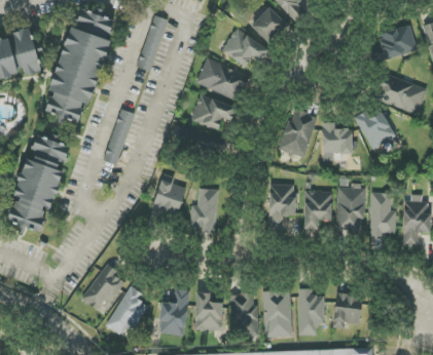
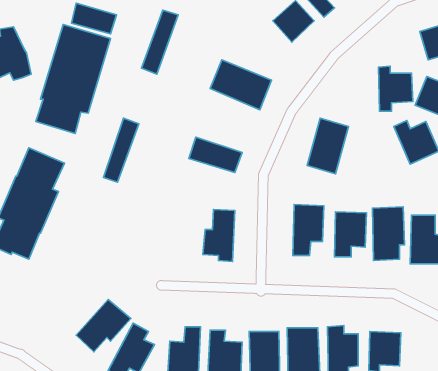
building: [221,29,267,67] -> none
building: [190,94,236,129] -> none
building: [322,122,352,161] -> [378,66,413,111]
building: [152,173,186,214] -> none

